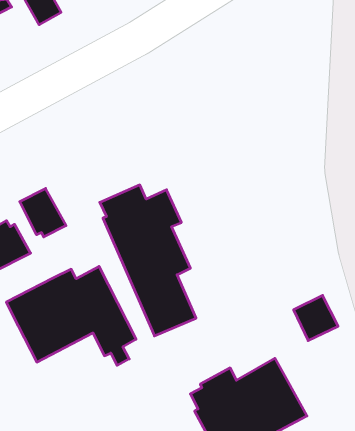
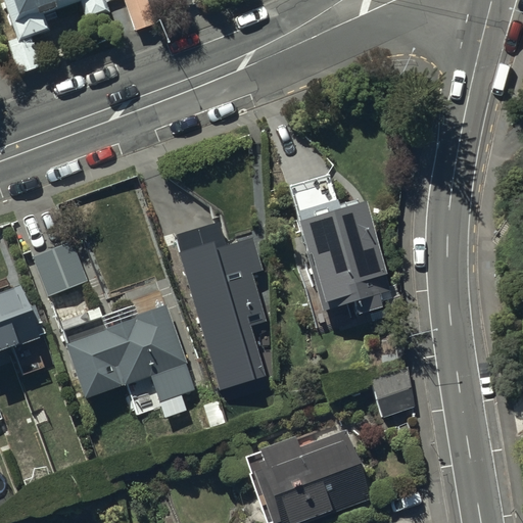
building: none -> [291,178,394,315]
building: [20,188,66,237] -> none

